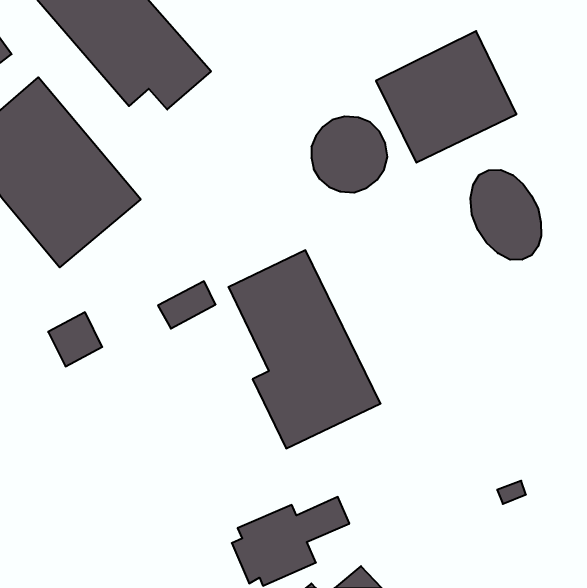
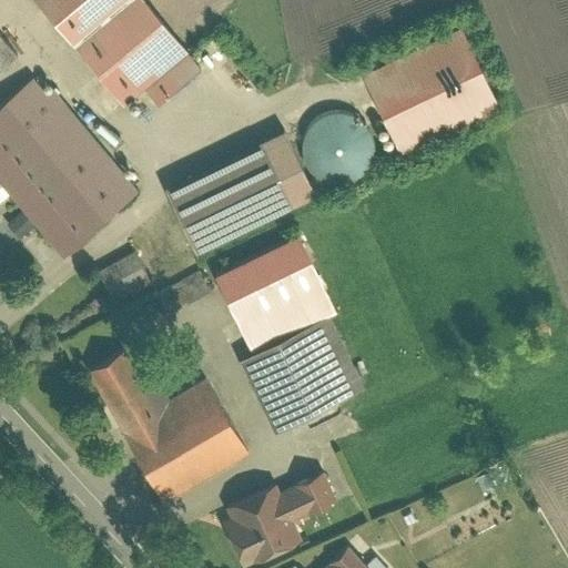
building: none -> [168,134,314,253]
building: [471,170,541,260] -> none
building: [48,312,102,366] -> [97,252,149,304]
building: none -> [87,347,247,507]

